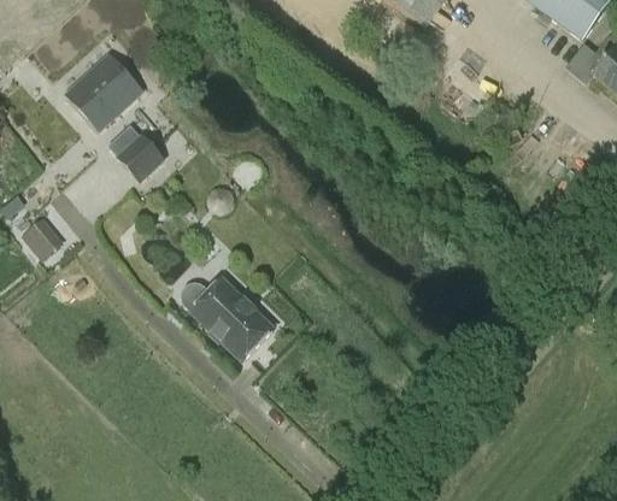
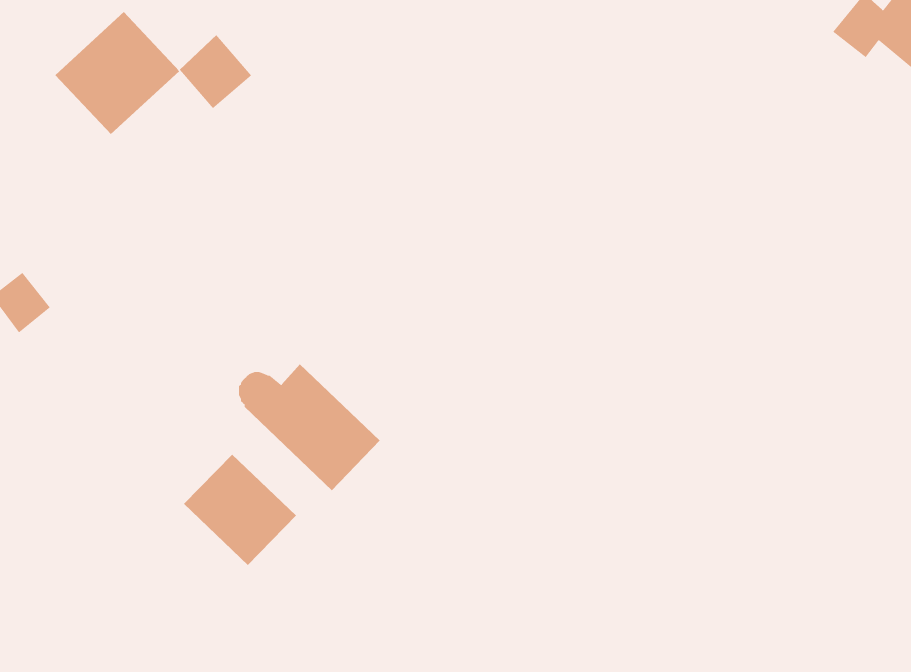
building: [117,132,164,181] -> [179,34,252,109]
building: none -> [183,454,297,566]

